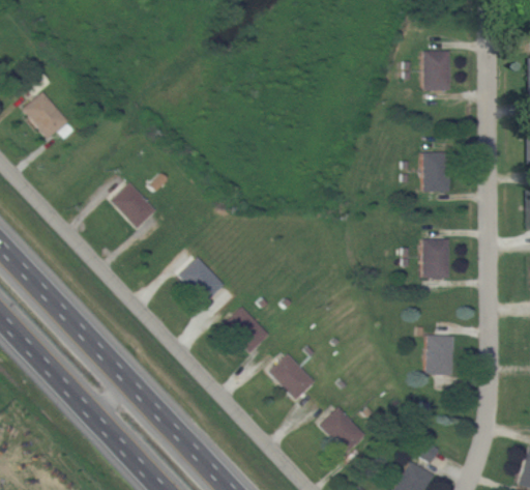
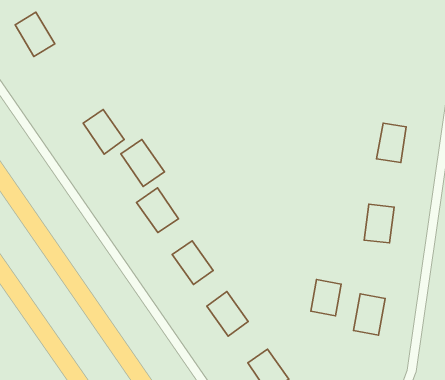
building: [422,50,449,89] -> none
building: none -> [121,139,165,186]
building: none -> [311,279,341,316]

